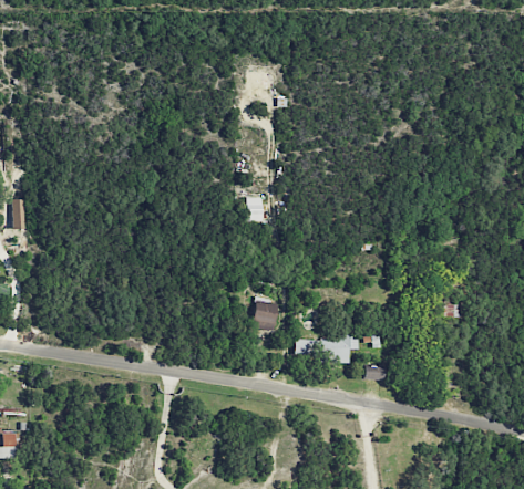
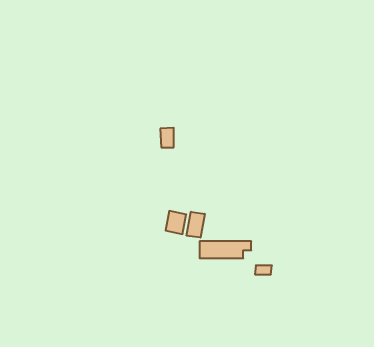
building: none -> [187,212,205,238]

